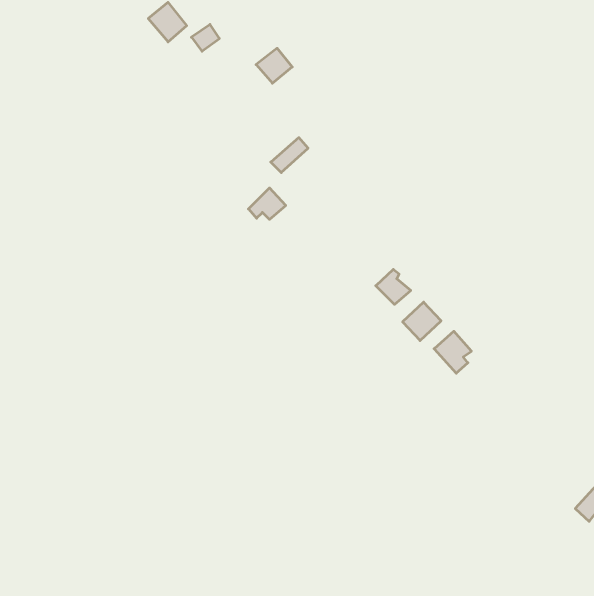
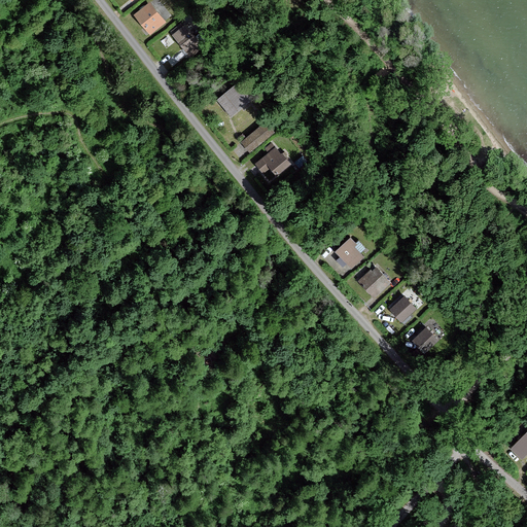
building: [256,48,292,83] -> [216,85,248,116]
building: [248,188,286,219] -> [256,147,289,175]
building: none -> [410,326,438,355]

